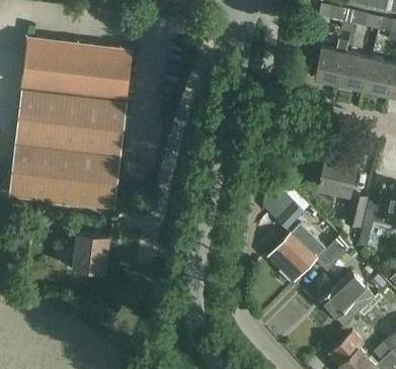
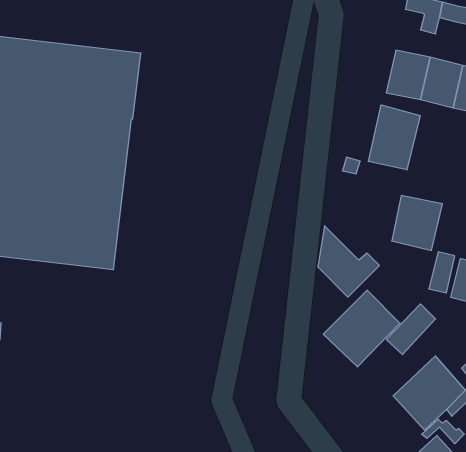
building: none -> [368,105,420,170]
building: [74,232,110,272] -> none

